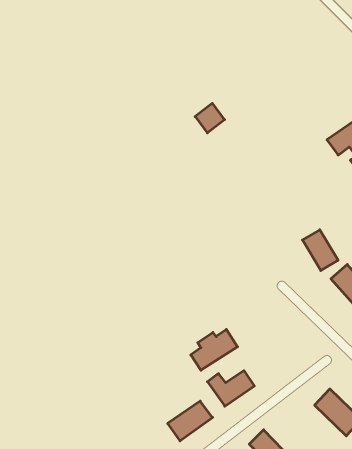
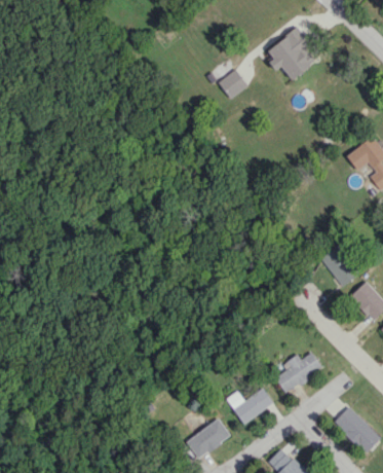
building: none -> [265,27,316,79]
building: [195,103,225,133] -> [219,69,248,99]
building: [191,329,238,370] -> [275,352,322,393]

